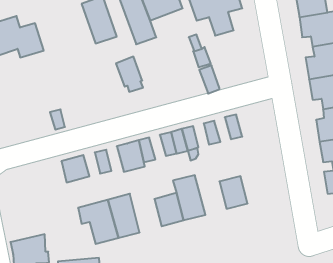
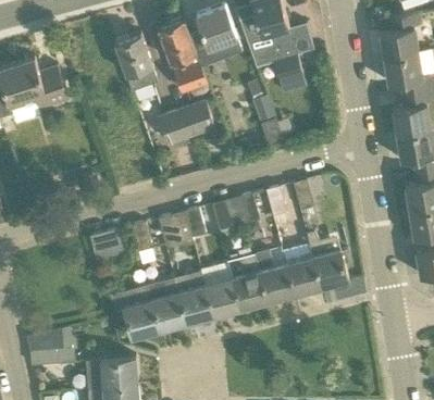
building: none -> [179,99,215,137]
building: none -> [307,230,349,289]
building: none -> [256,250,295,303]
building: none -> [175,271,214,325]

